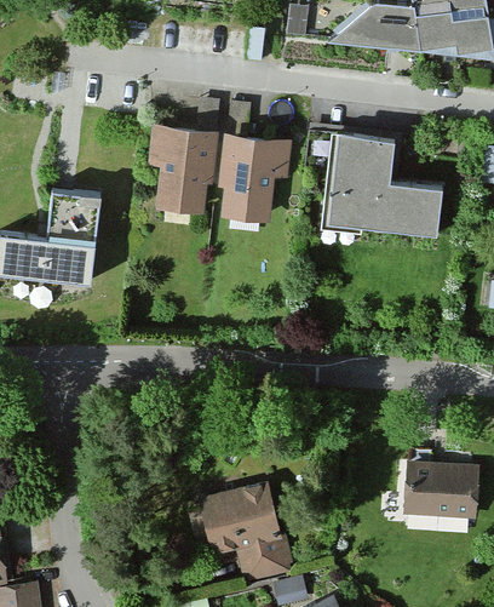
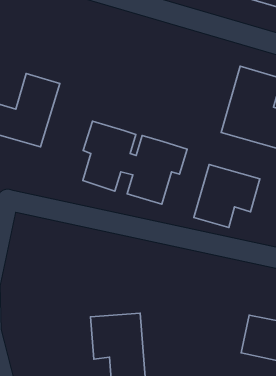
building: [154,124,292,219] -> [83,121,187,204]
building: none -> [194,165,260,227]

